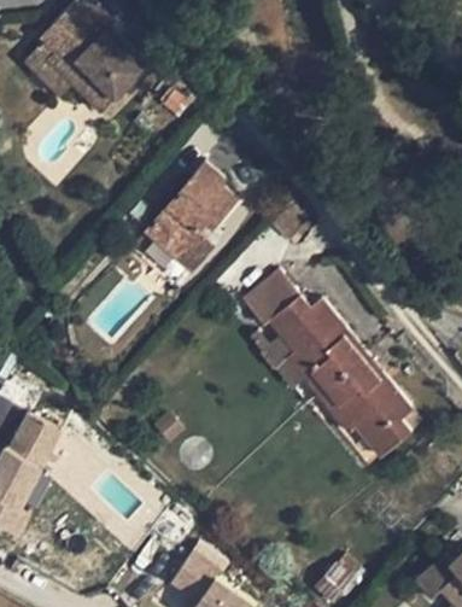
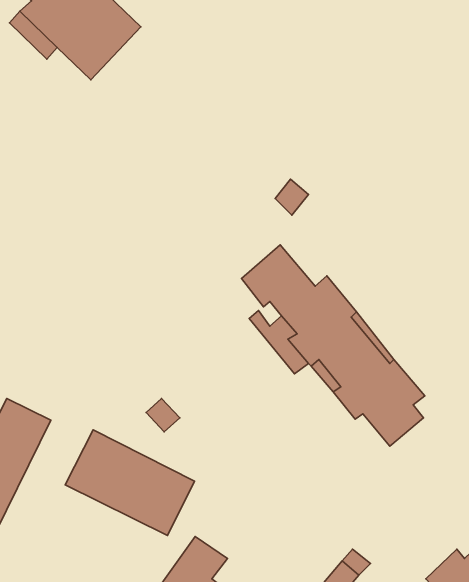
building: [134,160,238,270] -> none
building: none -> [65,430,195,535]

